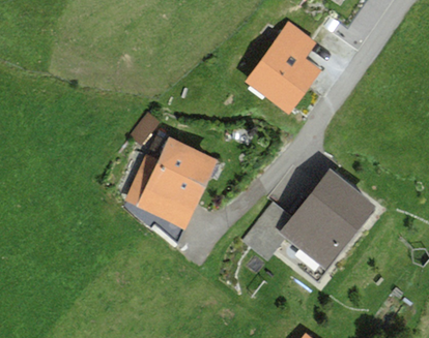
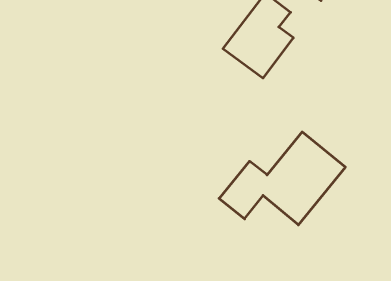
building: [114,136,218,228] -> none

